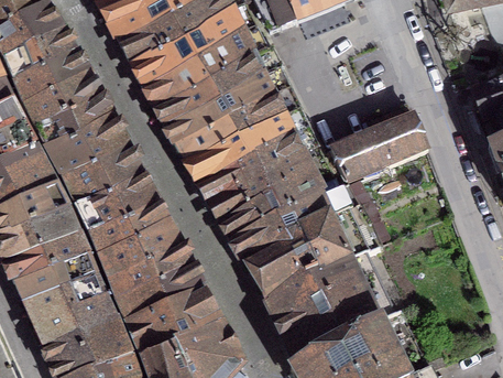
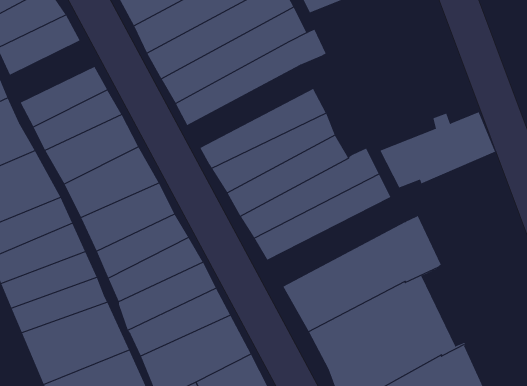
building: [14,54,87,107] -> none
building: [165,67,289,145] -> none
building: [233,186,351,263] -> none

